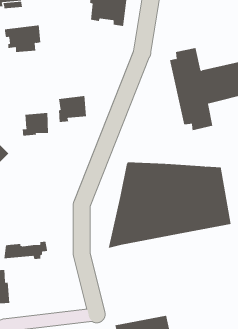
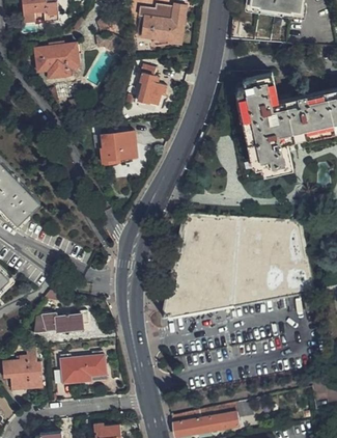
building: none -> [134,66,166,113]
building: [22,112,49,136] -> none
building: none -> [60,355,106,384]

